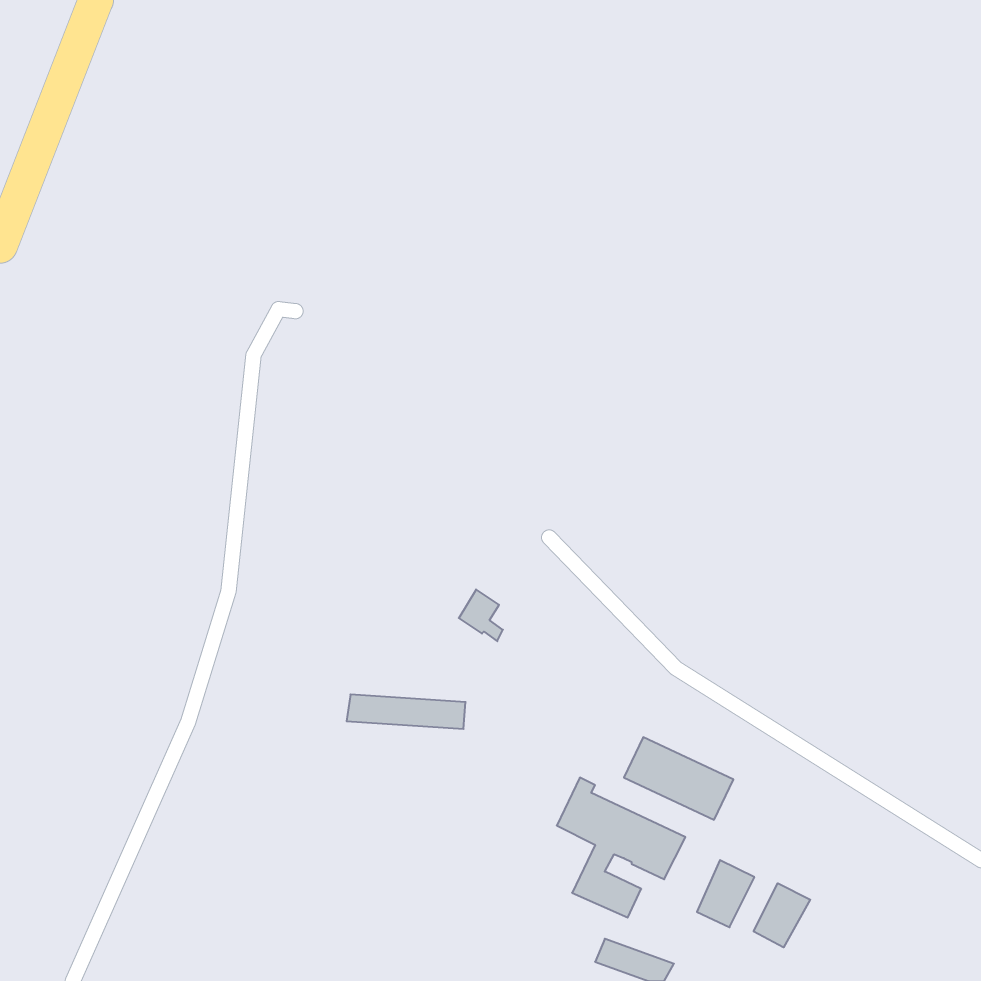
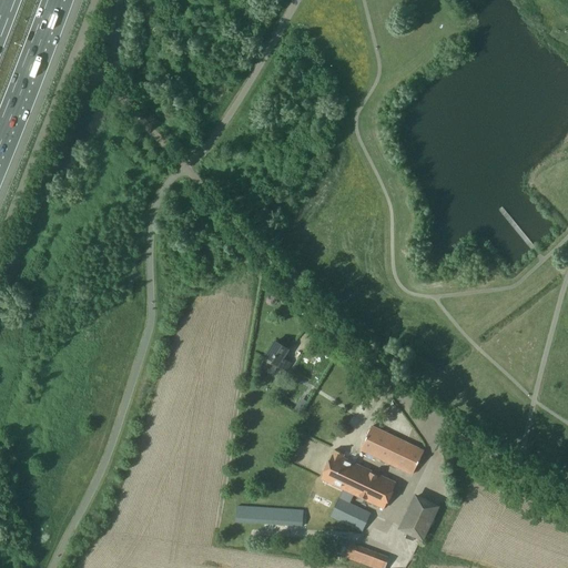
building: [347,694,466,729] -> [235,506,304,526]
building: [754,883,810,947] -> none

